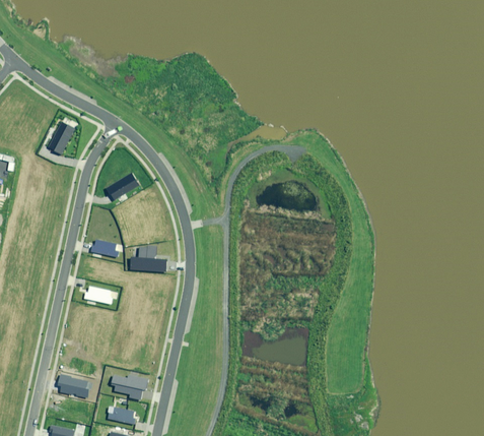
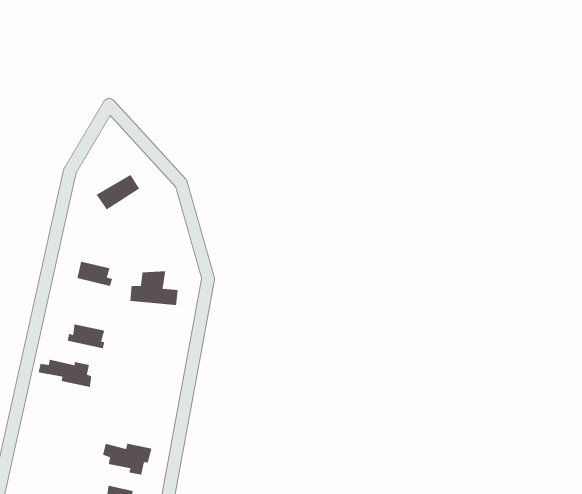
building: [48,121,74,153] -> none
building: none -> [38,359,92,388]
building: [59,373,91,396] -> none

